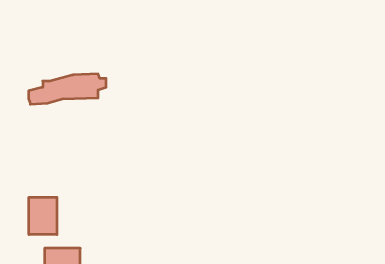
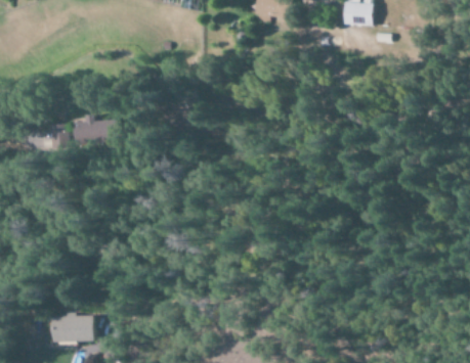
building: [29,197,57,235] -> none

